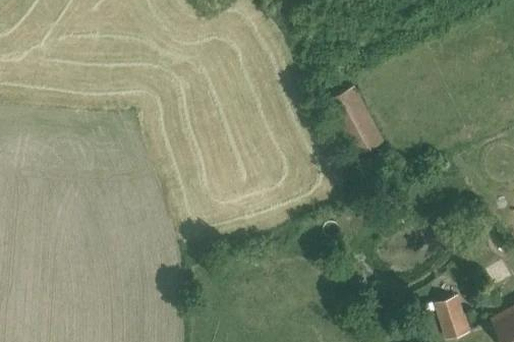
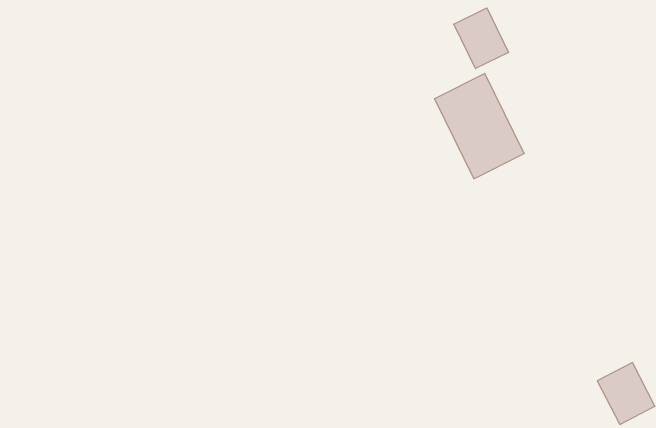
building: none -> [454,8,509,69]

